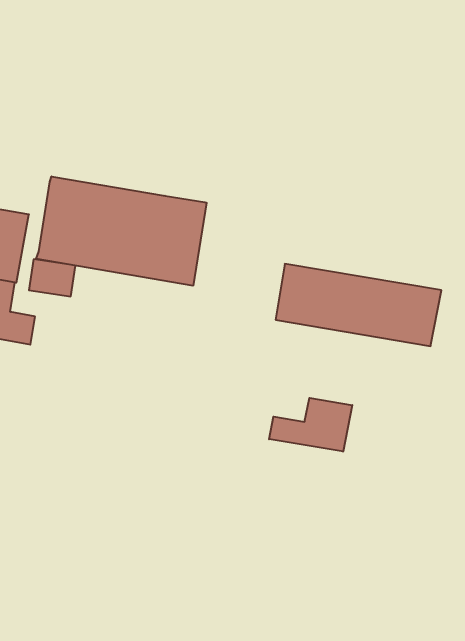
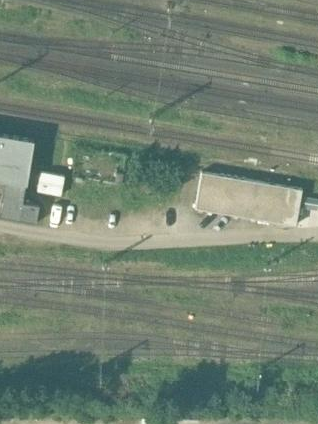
building: [36,176,207,286] -> none
building: [269,398,352,452] -> none

